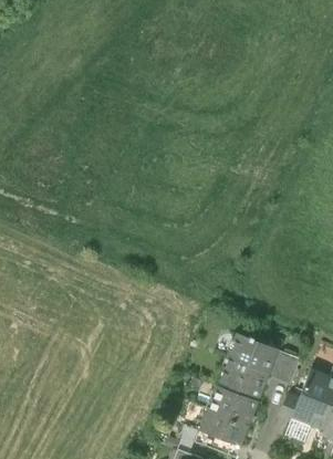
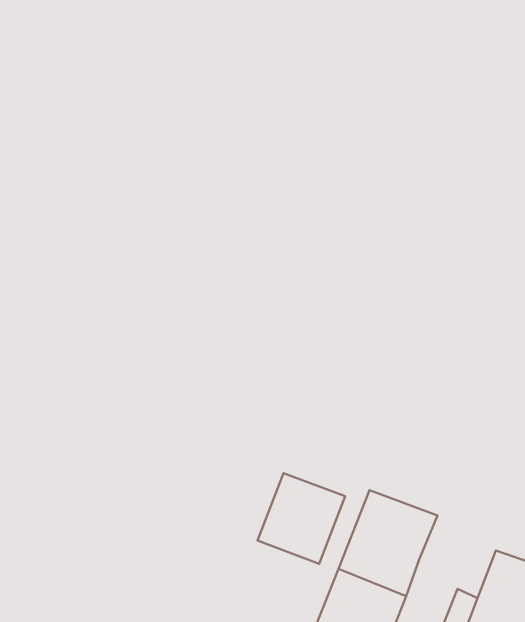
building: none -> [258,473,345,564]
building: [267,351,304,387] -> none

